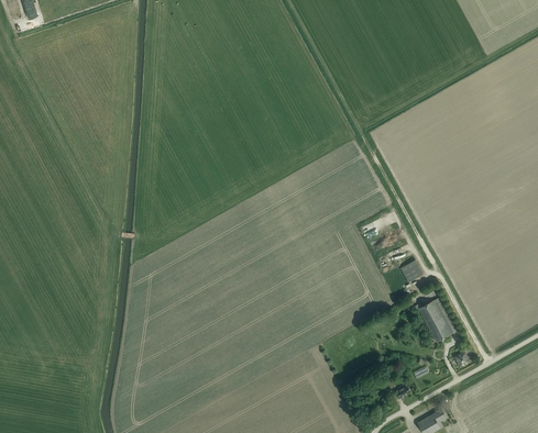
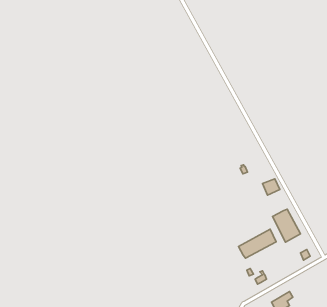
building: none -> [239,229,276,258]

